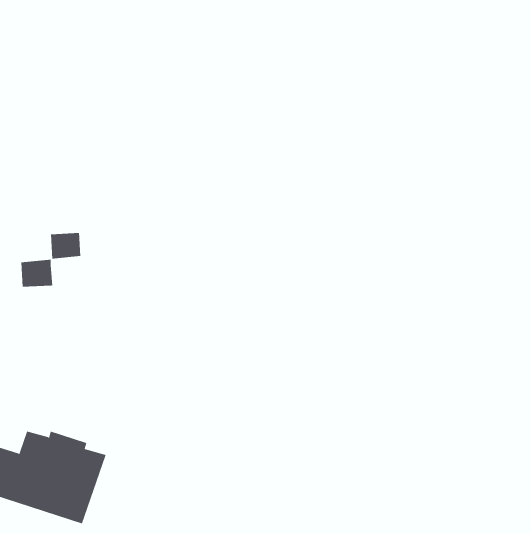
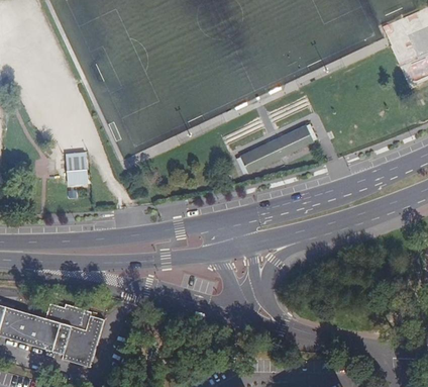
building: none -> [238,124,312,173]
building: [20,259,53,287] -> [64,151,86,170]

